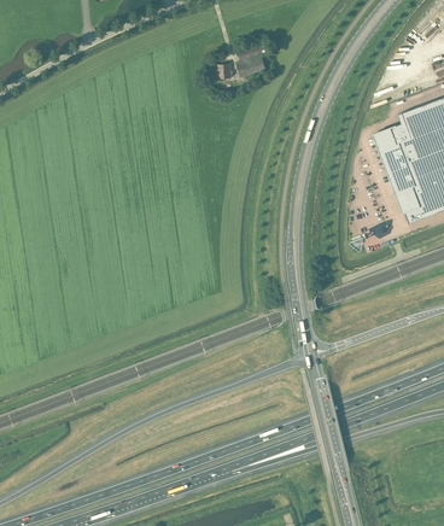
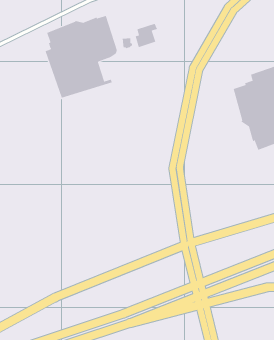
building: none -> [45,15,117,99]

